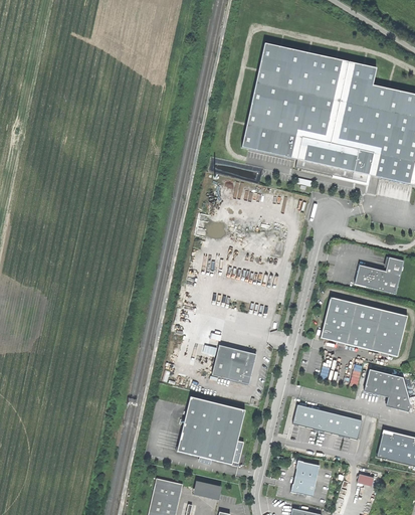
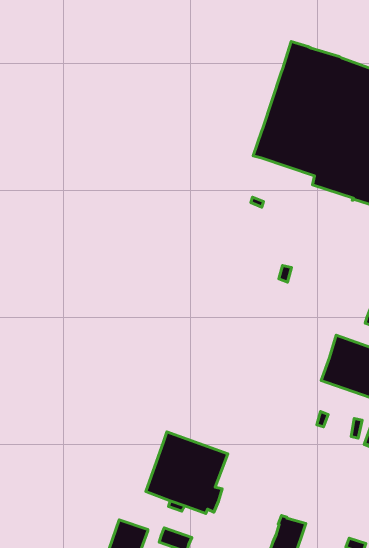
building: [212,345,256,384] -> none
building: [292,404,362,440] -> none

